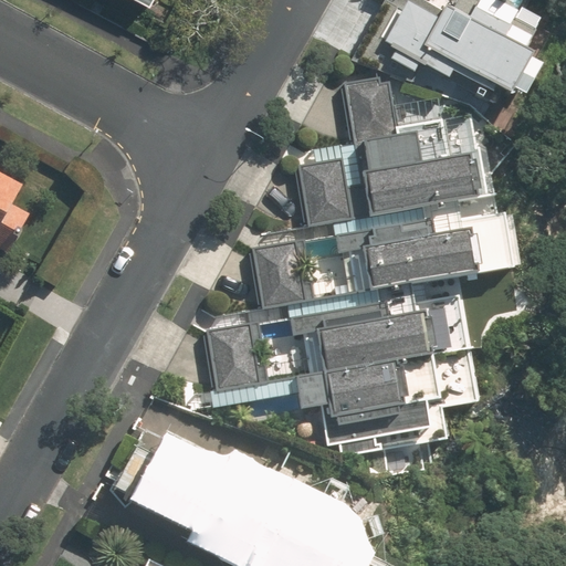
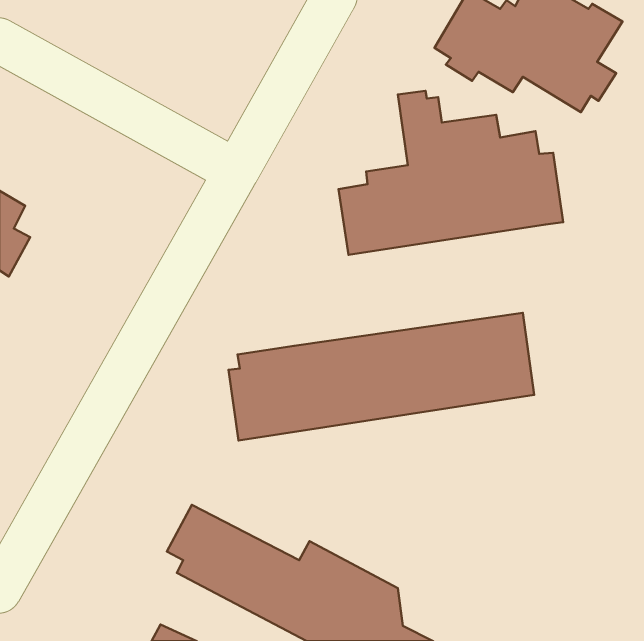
building: [249,197,513,303] -> none
building: [192,346,475,478] -> none

